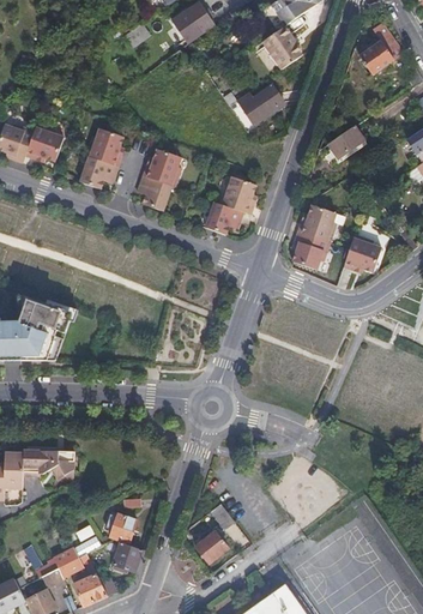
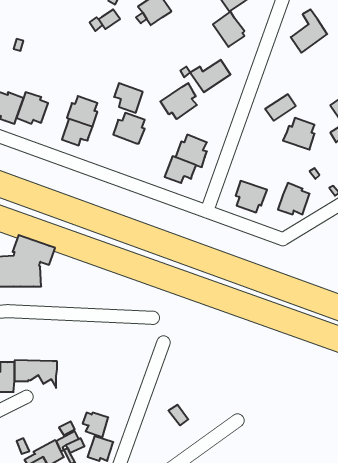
building: none -> [160,83,197,119]
building: [137,174,171,210] -> [114,83,143,113]
building: [297,203,336,241] -> [283,118,315,150]
building: [195,529,228,562] -> none

